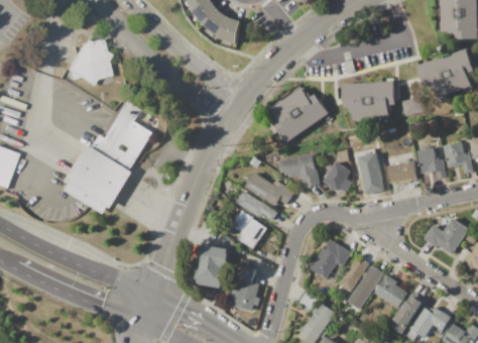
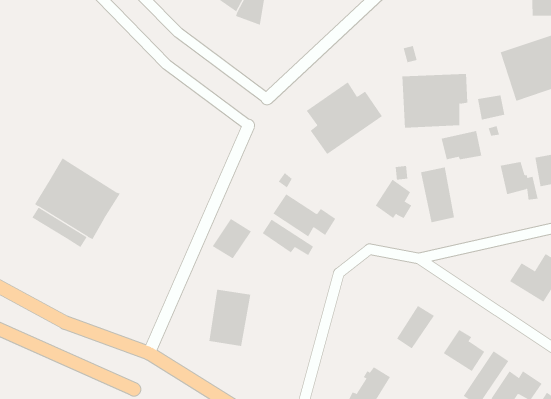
building: [66,41,110,86] -> none
building: [89,102,151,172] -> none
building: [279,154,319,188] -> none
building: [385,161,416,184] -> [441,131,482,160]
building: [237,218,267,249] -> [212,218,252,259]
building: [311,239,351,279] -> none
building: [234,265,258,311] -> none
building: [348,265,383,309] -> none

